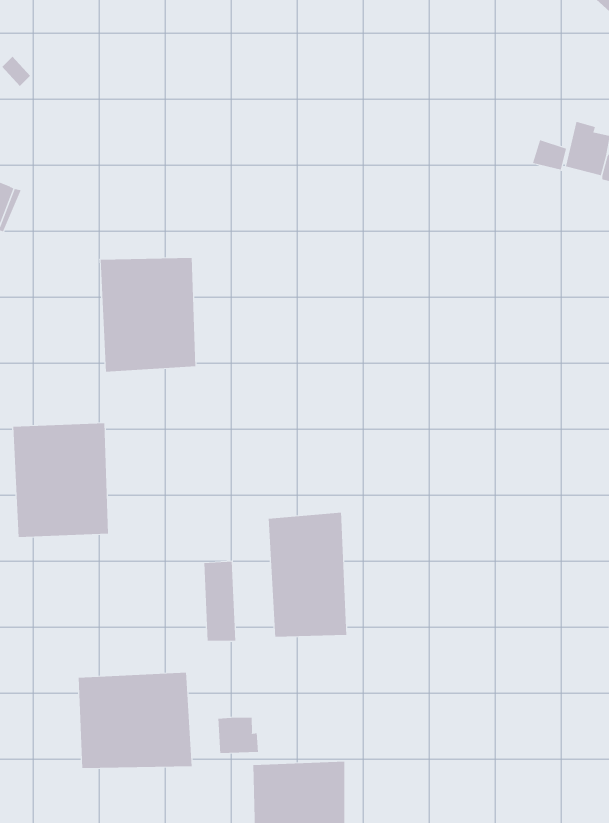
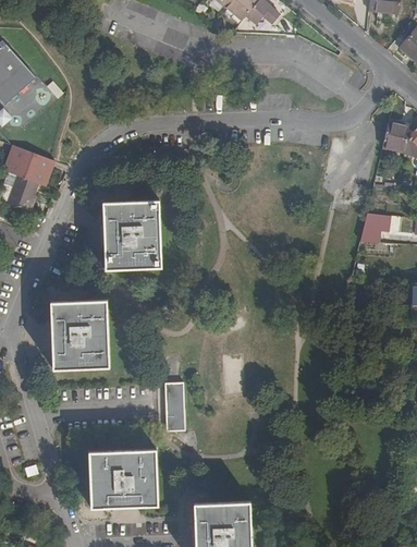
building: none -> [359,214,390,244]
building: [268,512,347,638] -> none
building: [218,717,259,754] -> none

